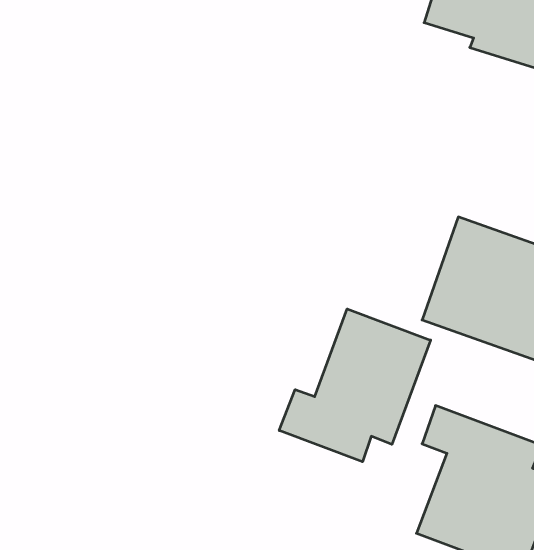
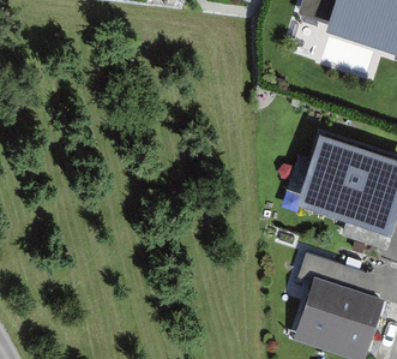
building: [279,309,431,462] -> none

